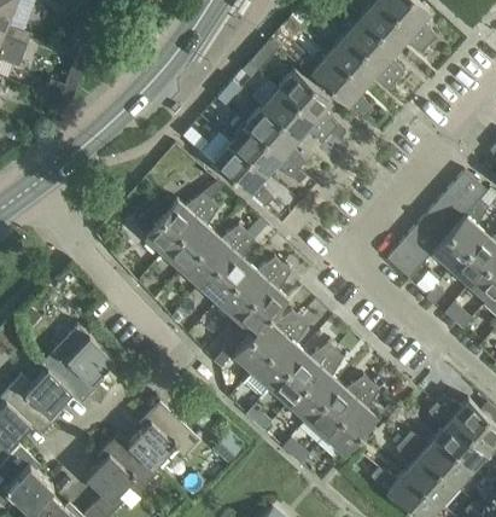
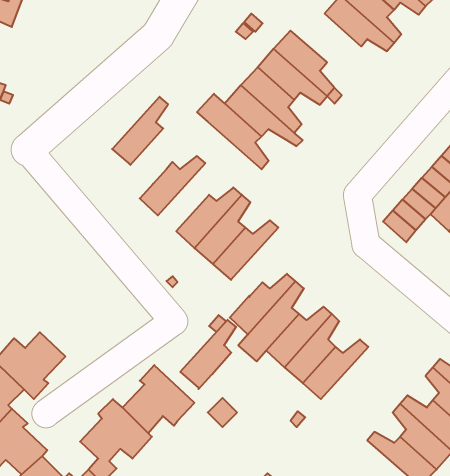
building: [310,53,370,120] -> none
building: [162,202,217,269] -> [112,97,168,165]
building: [234,266,290,335] -> [180,320,236,389]
building: [40,327,112,403] -> none
building: [323,384,378,453] -> none

